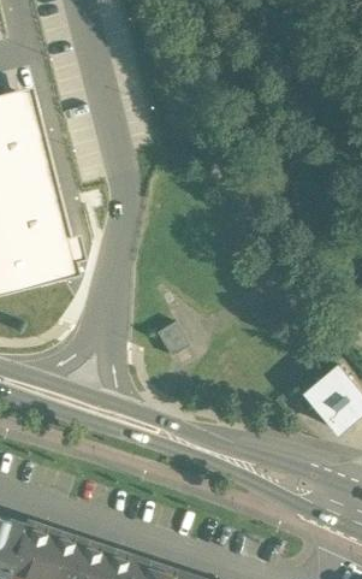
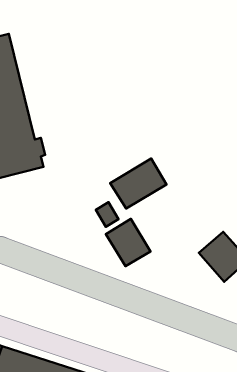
building: none -> [110,158,167,208]
building: none -> [106,219,151,266]

